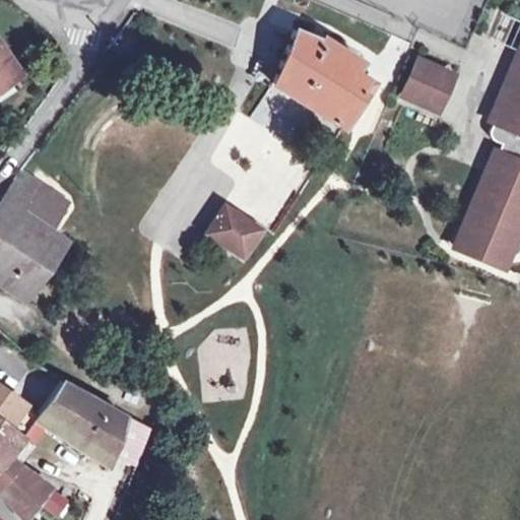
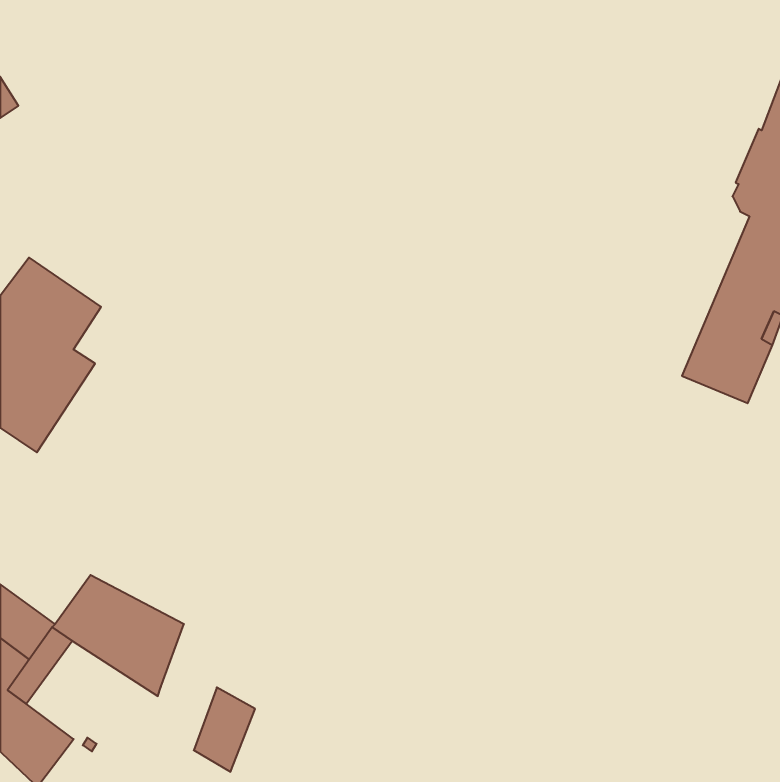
building: [272,31,374,129] -> none
building: [401,62,451,112] -> none
building: [207,208,260,258] -> none
building: [109,414,149,470] -> [194,687,255,772]

